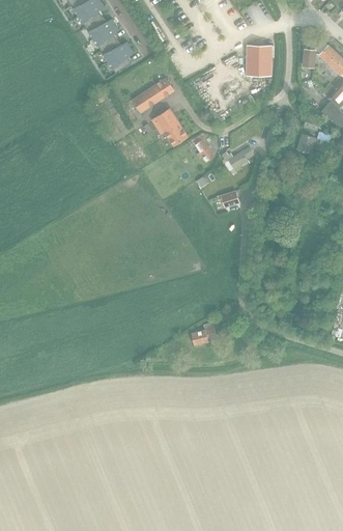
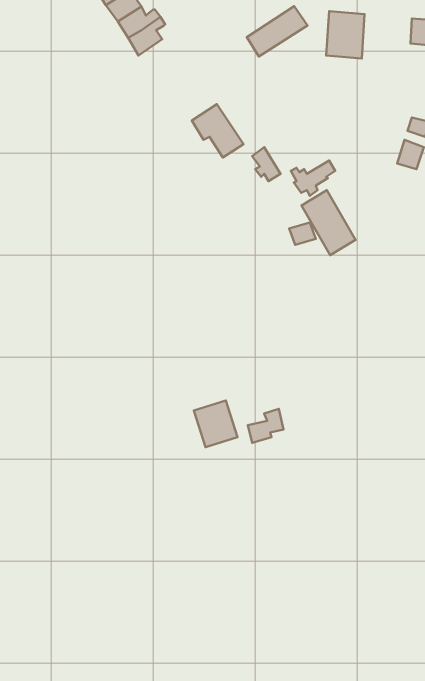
building: [132,77,174,112] -> [247,6,308,57]
building: none -> [302,190,355,255]
building: none -> [194,401,238,447]

